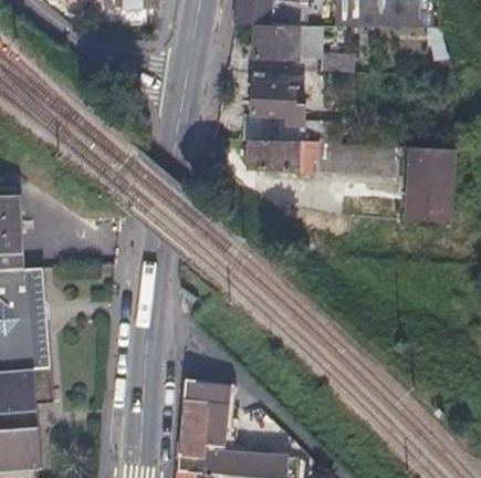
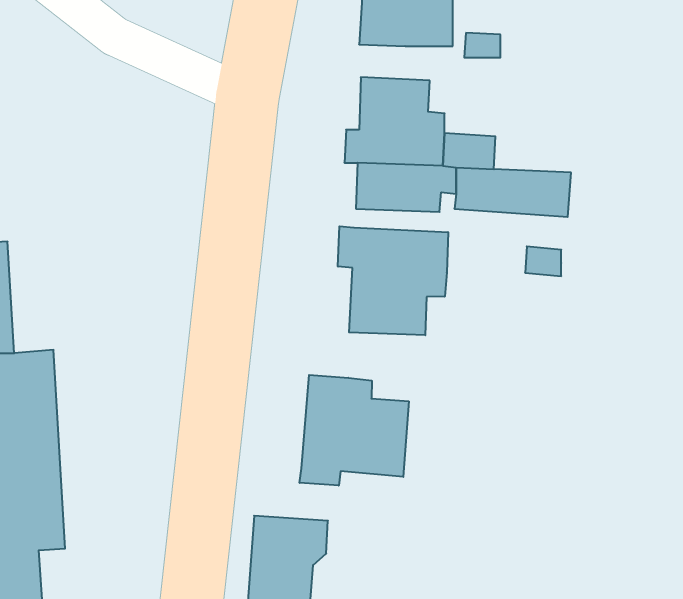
building: [406,147,454,220] -> none
building: none -> [338,226,448,335]
building: none -> [300,375,409,486]

